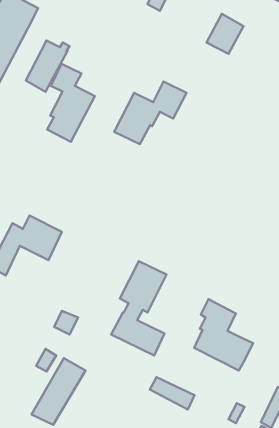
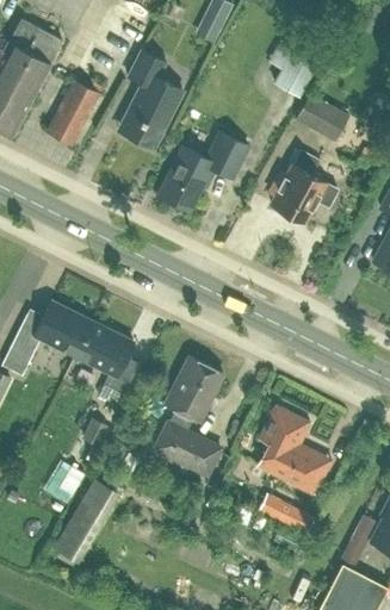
building: none -> [295,94,349,143]
building: [47,64,95,142] -> [123,50,182,148]
building: none -> [270,150,338,222]
building: none -> [75,320,138,405]
building: [150,377,194,409] -> [259,496,315,536]

